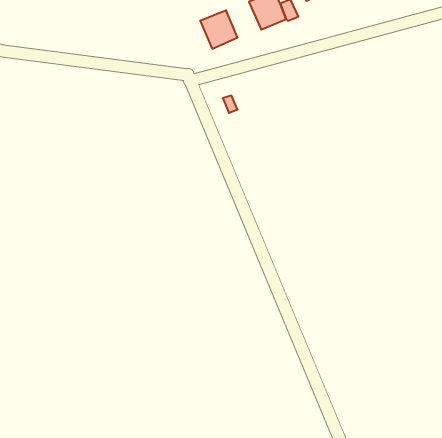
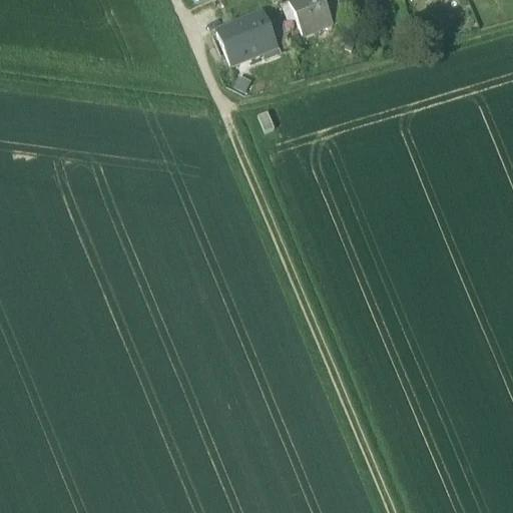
building: none -> [216,24,247,63]

